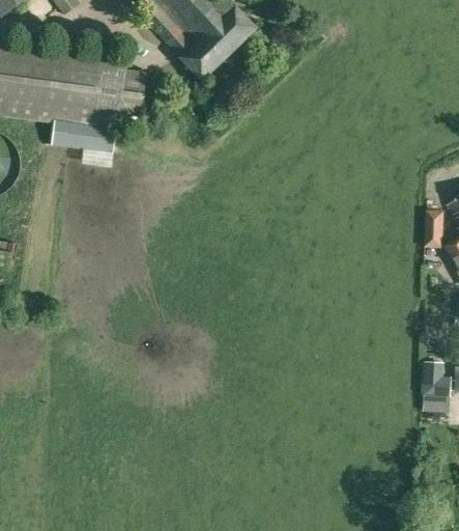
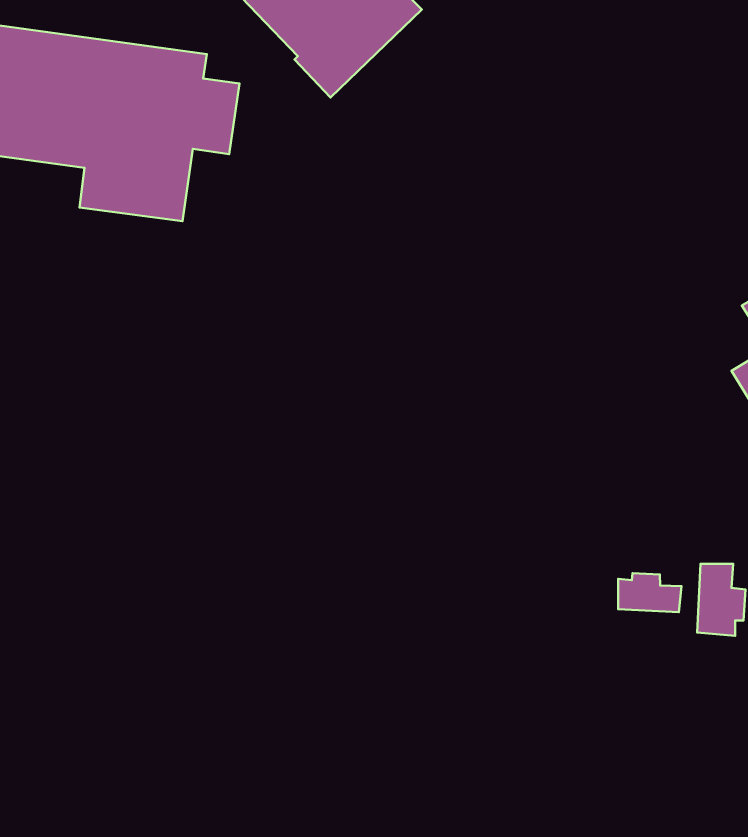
building: none -> [618,573,682,612]

